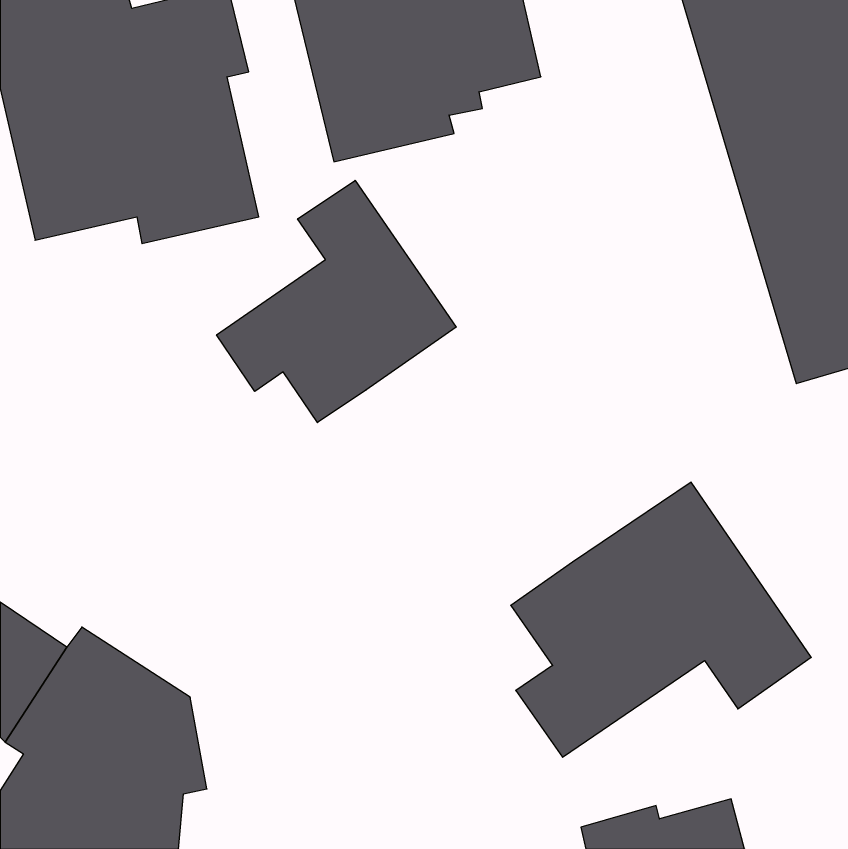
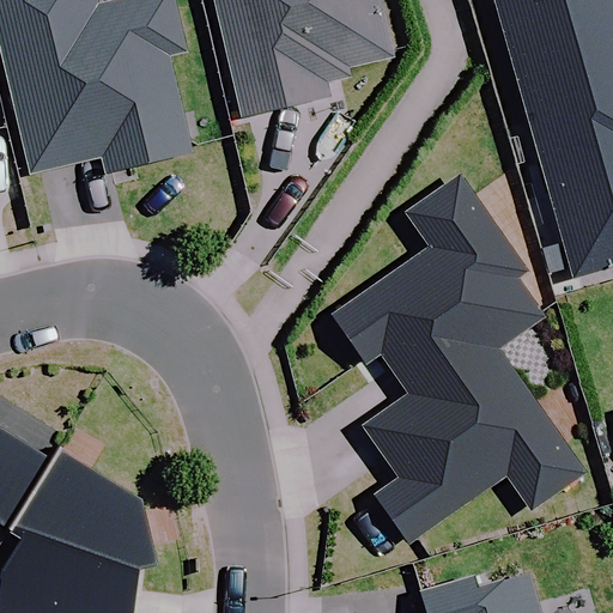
building: [217,180,456,423] -> none
building: none -> [330,175,553,403]

